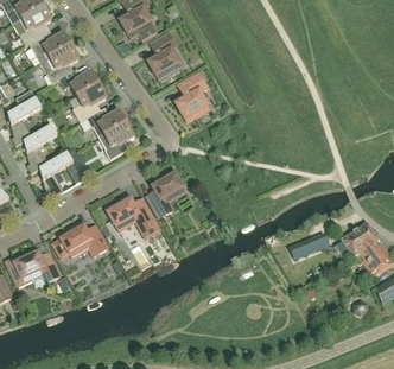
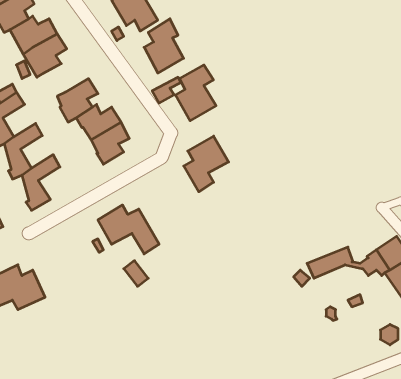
building: [59,69,98,96] -> none
building: [147,168,186,217] -> [184,136,229,192]
building: [53,222,108,257] -> none

